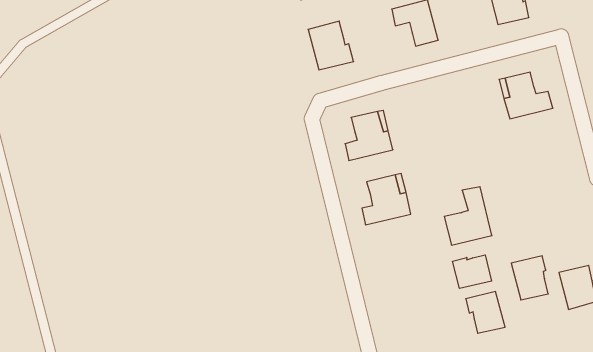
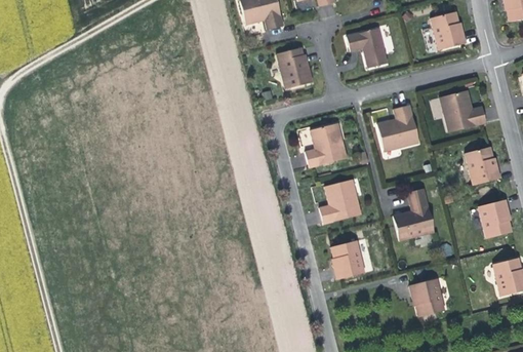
building: none -> [377,107,418,148]
building: none -> [464,147,499,186]
building: none -> [330,240,363,279]
building: [453,255,492,288] -> none
building: [511,256,548,300] -> [479,198,511,236]

